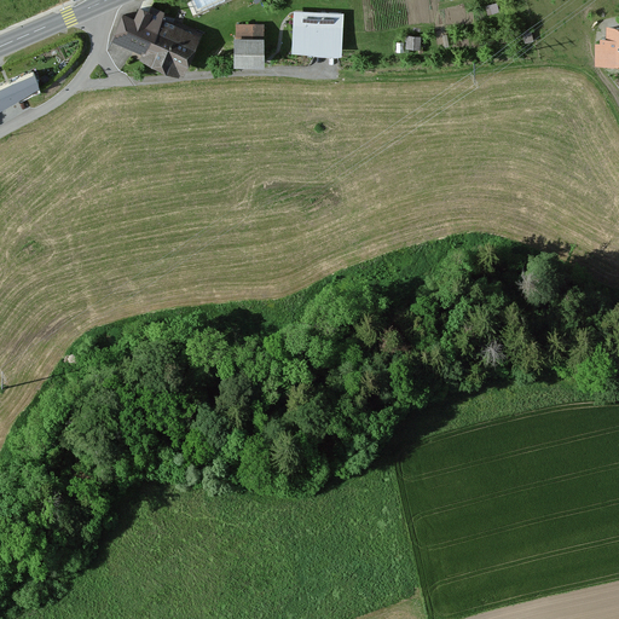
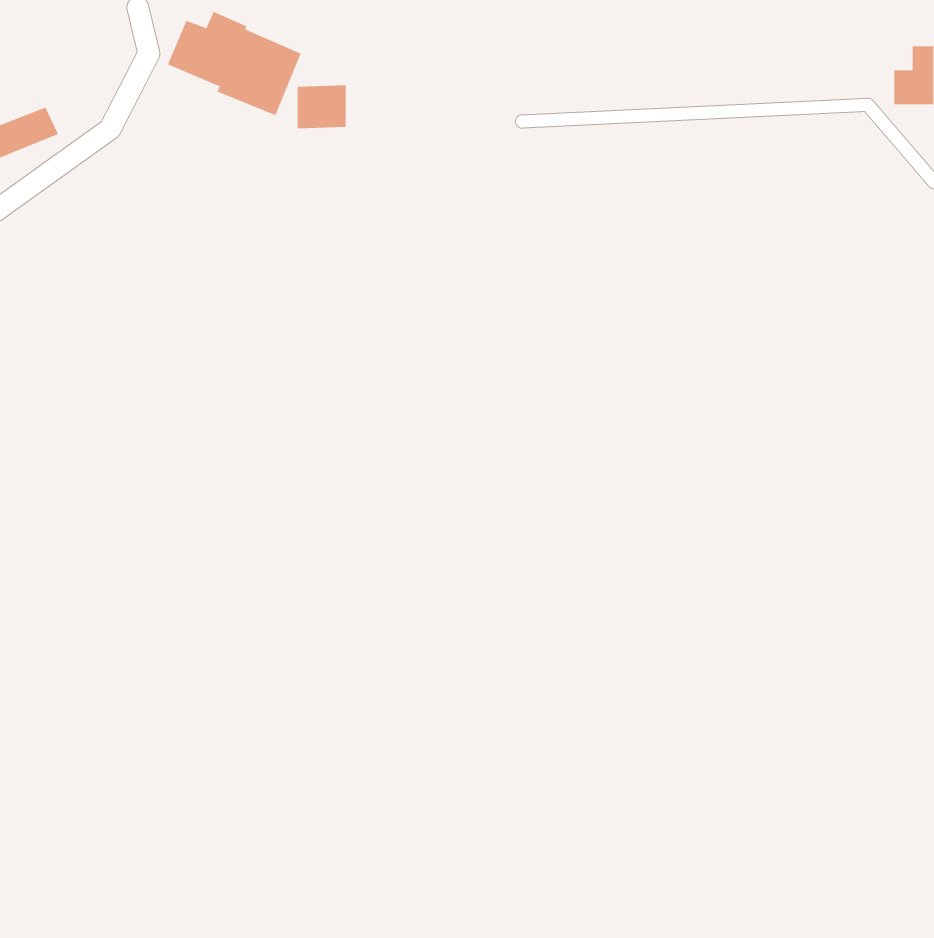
building: [293,12,345,53] -> none
building: [236,36,268,65] -> [297,85,347,129]

